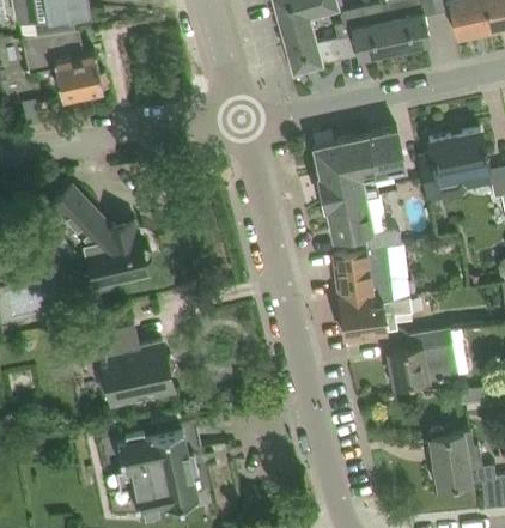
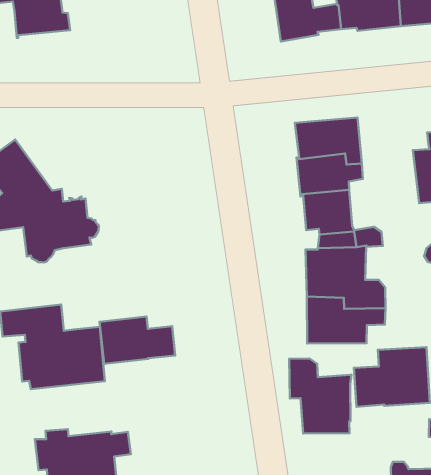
building: [366,128,406,188] -> none
building: none -> [99,316,175,364]
building: none -> [289,358,351,433]

